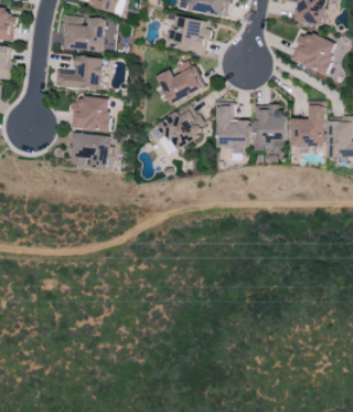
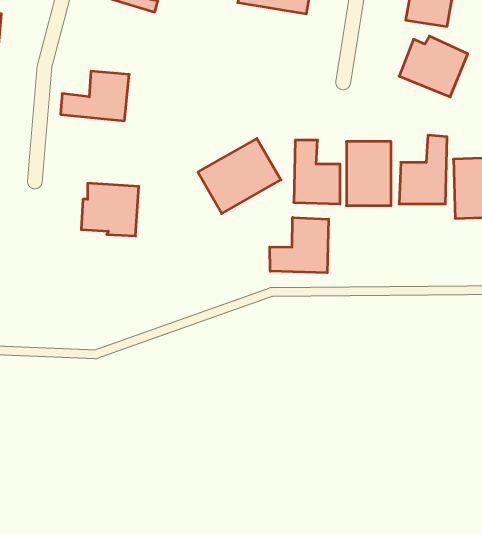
building: [63,15,105,51] -> none
building: [169,15,211,54] -> none
building: [157,60,204,104] -> none
building: [72,97,110,130] -> none
building: none -> [270,217,329,273]

